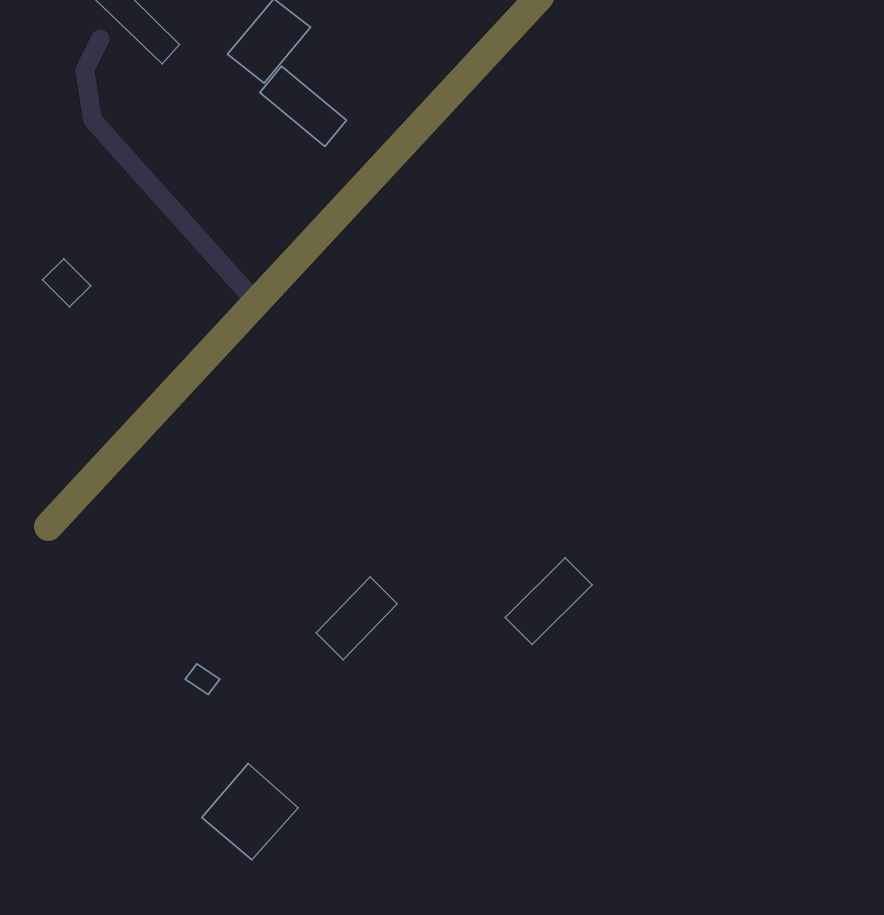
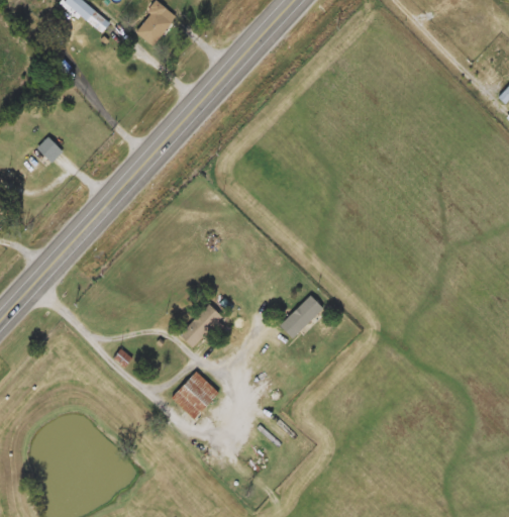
building: [260,66,347,146] -> none
building: [202,763,298,860] -> [170,370,220,420]

